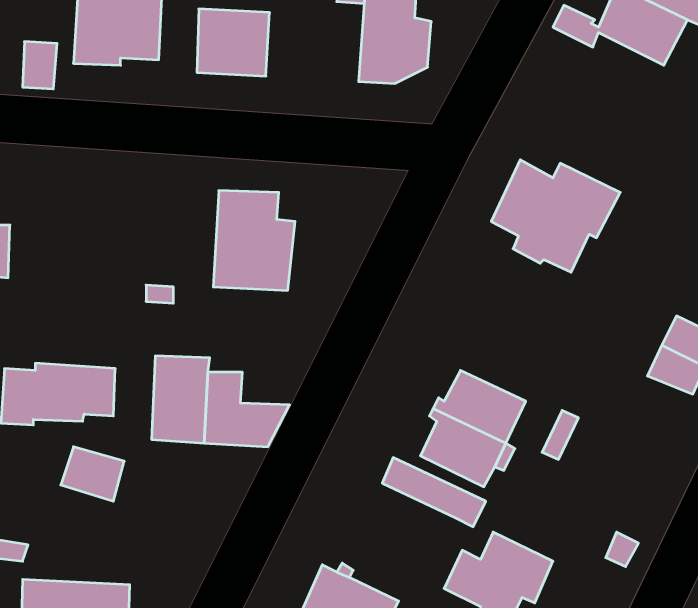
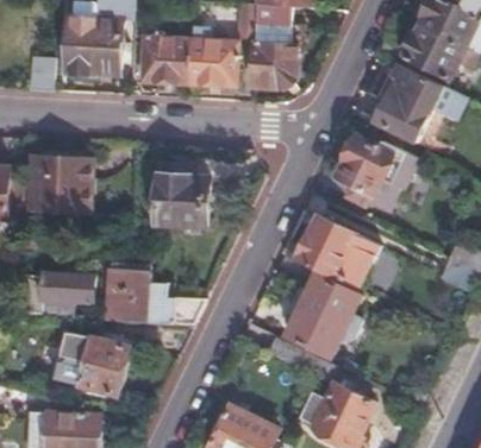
building: none -> [188,42,235,86]
building: none -> [363,64,466,141]
building: none -> [27,158,89,214]
building: none -> [300,215,376,289]
building: none -> [80,335,130,397]

